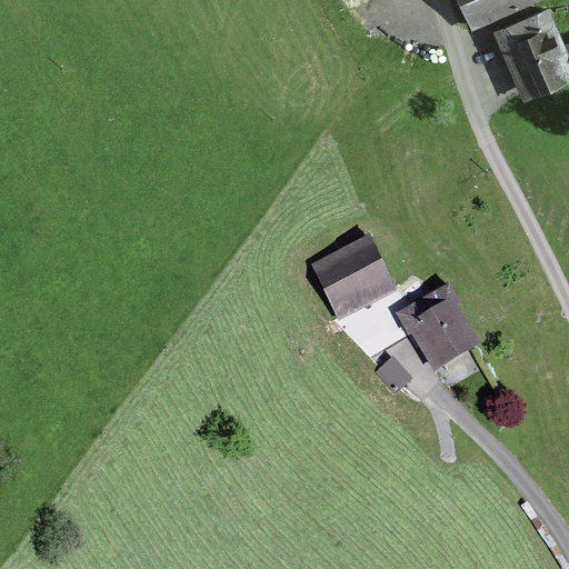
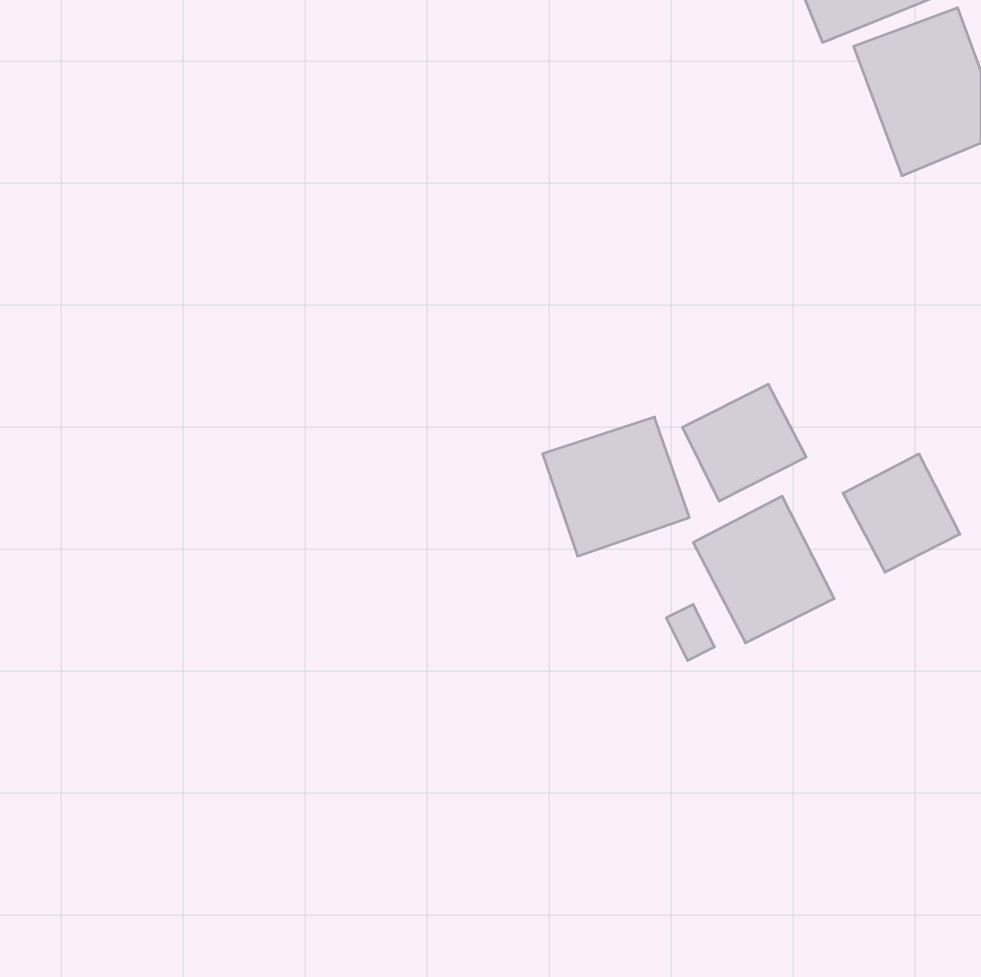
building: none -> [682,384,806,501]
building: none -> [843,454,960,572]

